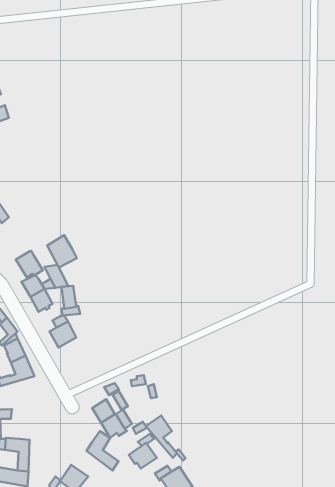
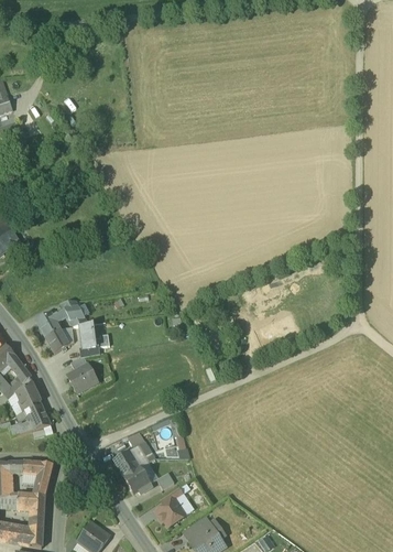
building: [47,235,77,267] -> none
building: [16,251,43,277] -> none
building: none -> [23,459,52,494]
building: [146,415,186,461] -> none
building: [87,431,119,470] -> none

